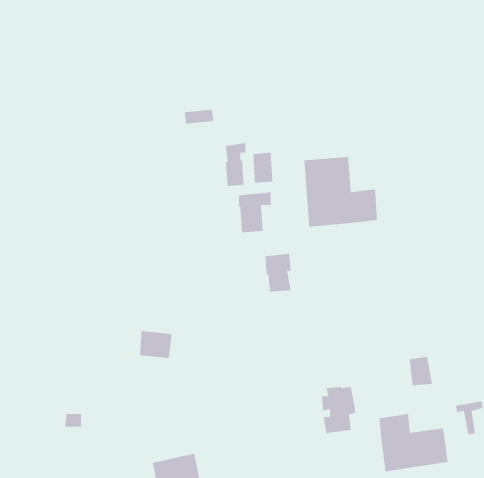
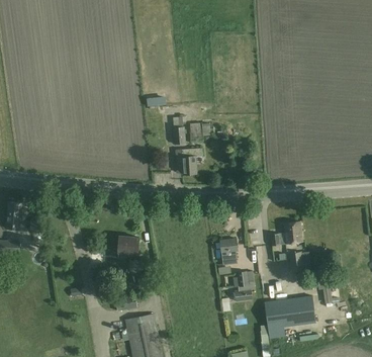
building: [304,156,378,227] -> none
building: [264,253,291,293] -> [219,240,237,265]
building: none -> [270,222,301,247]

